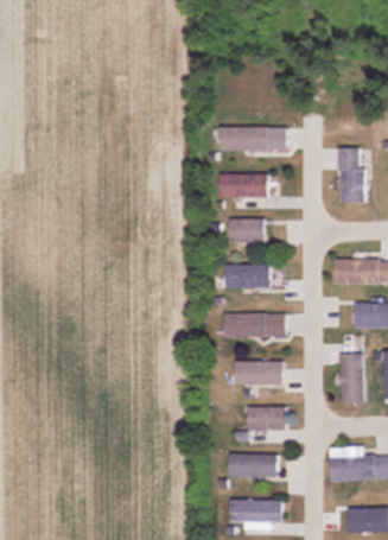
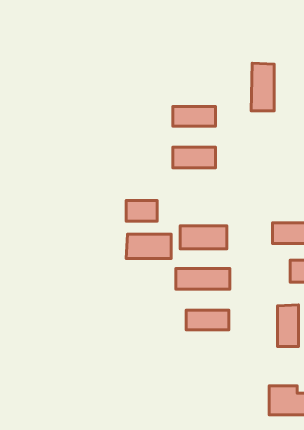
building: [338,148,364,203] -> [251,63,274,111]
building: [229,220,265,243] -> [126,200,157,221]
building: none -> [126,234,171,258]
building: [247,406,285,431] -> none
building: [229,455,276,477] -> none

